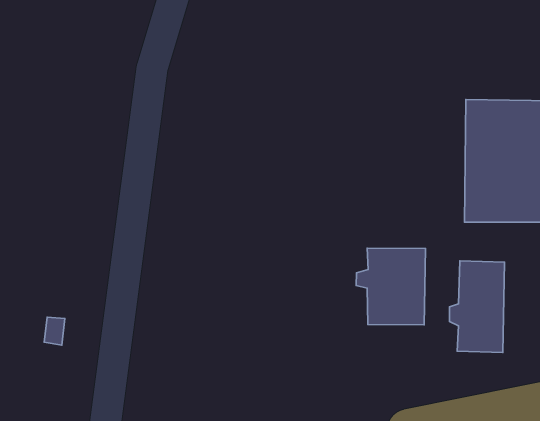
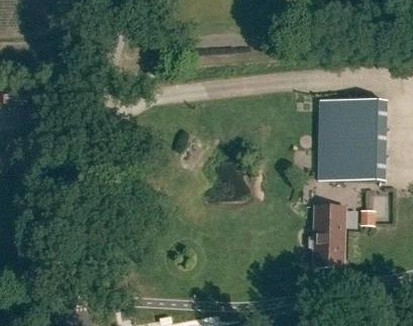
building: [356,248,425,325] -> none

